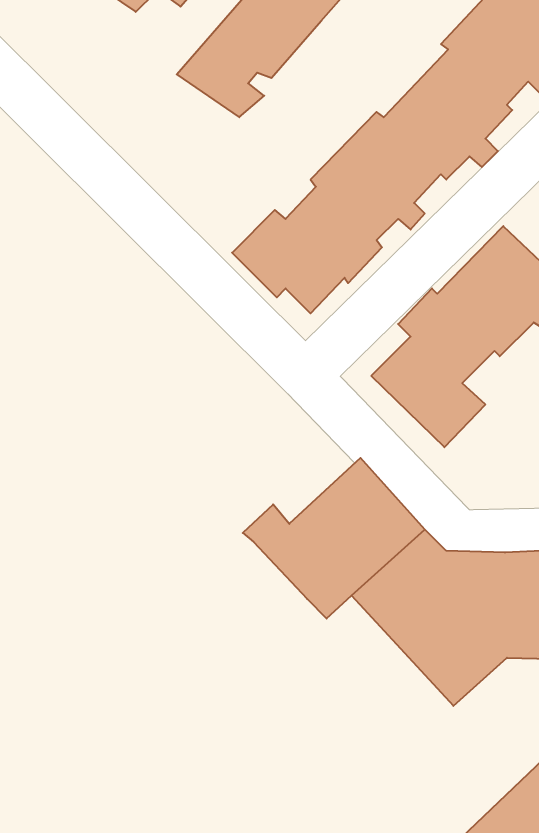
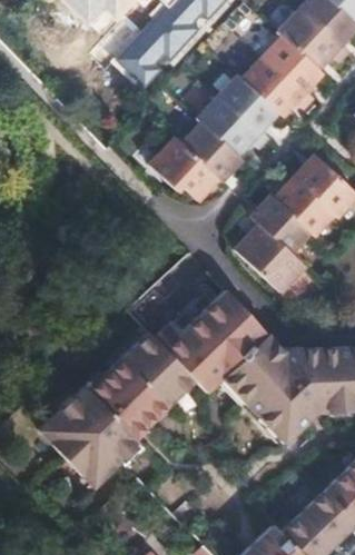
building: none -> [40,329,195,480]

